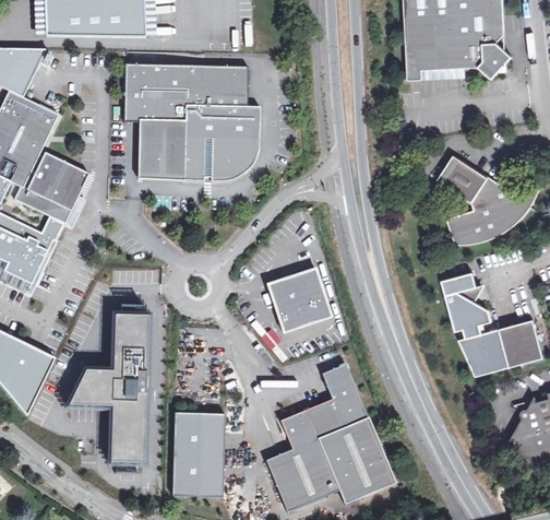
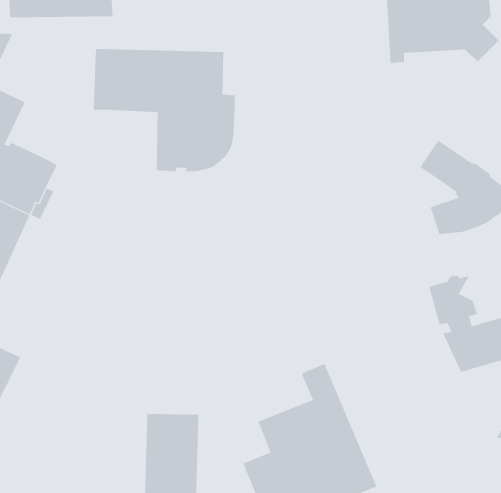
building: [136,122,183,180] -> none
building: [266,269,331,333] -> none
building: [73,319,153,468] -> none

